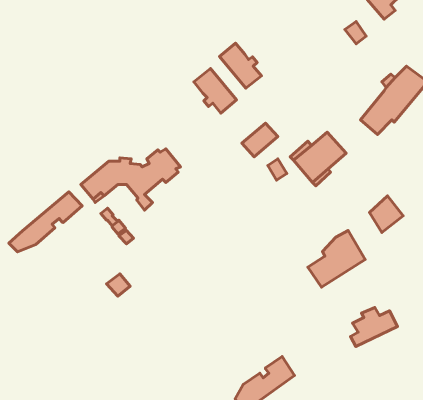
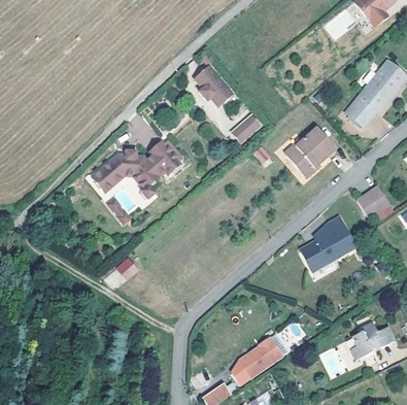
building: [220,43,262,88] -> none
building: [9,192,82,252] -> none
building: [350,308,397,347] -> [351,322,395,358]

